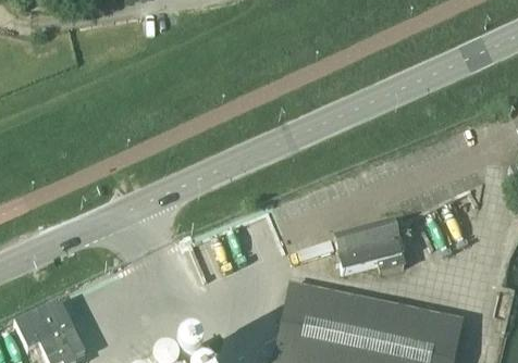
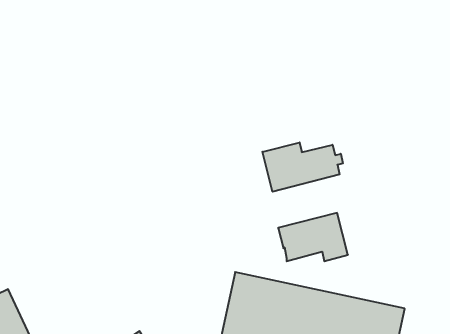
building: none -> [262,142,343,192]

